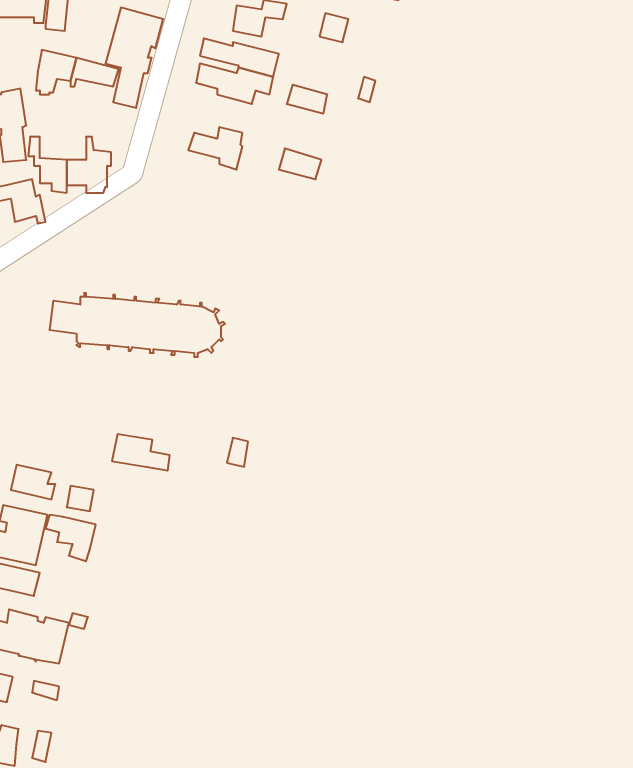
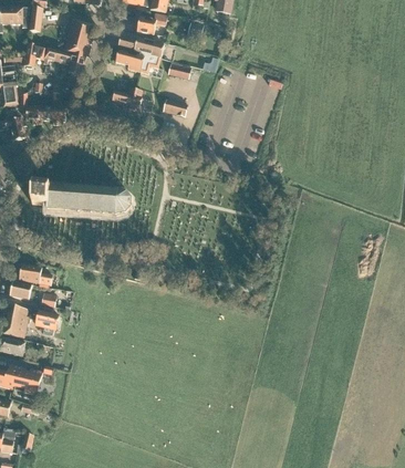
building: [112,434,170,471] -> [18,264,51,285]

